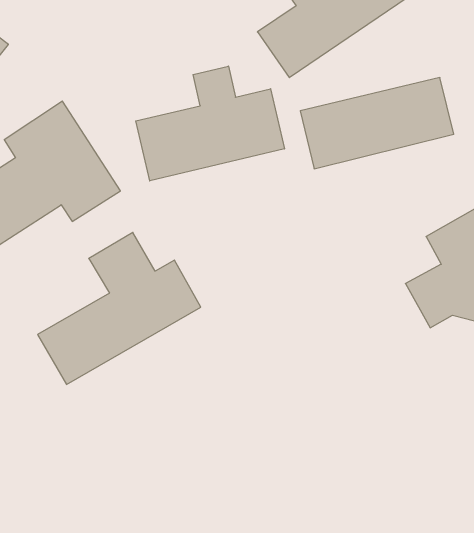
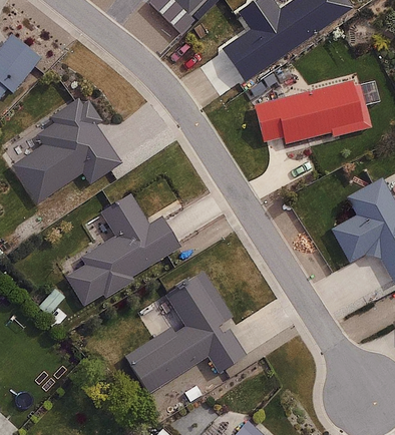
building: [136,66,284,181] -> none
building: none -> [127,274,251,393]

